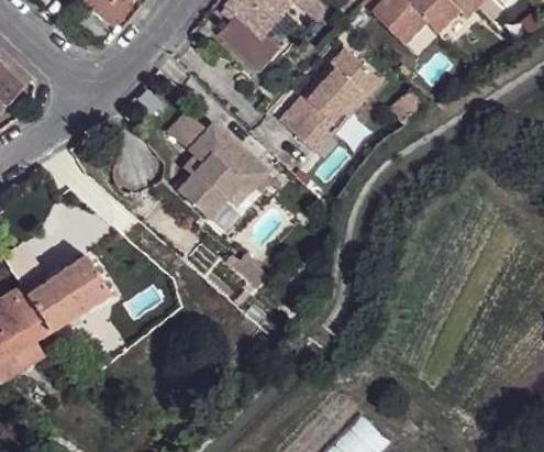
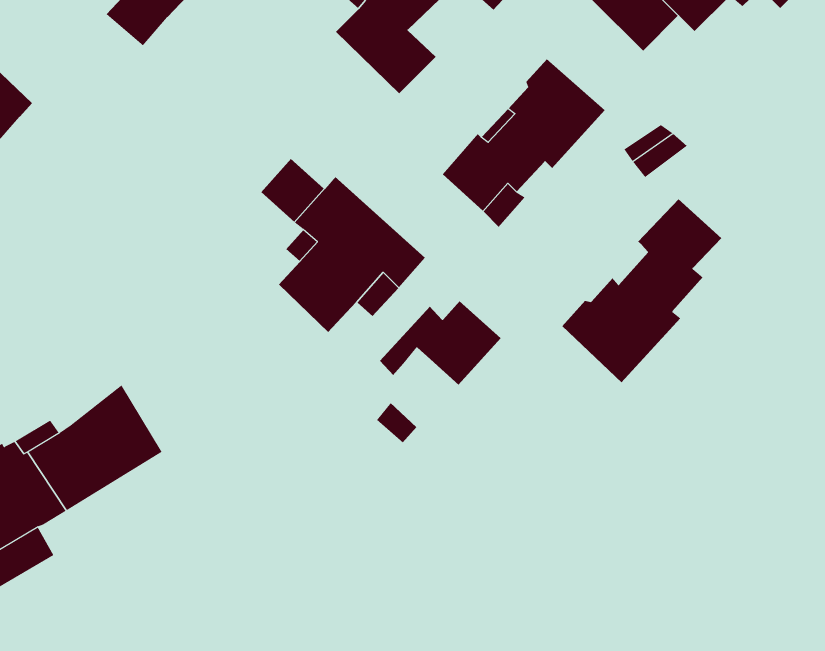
building: none -> [561,198,722,383]
building: none -> [379,300,501,386]

